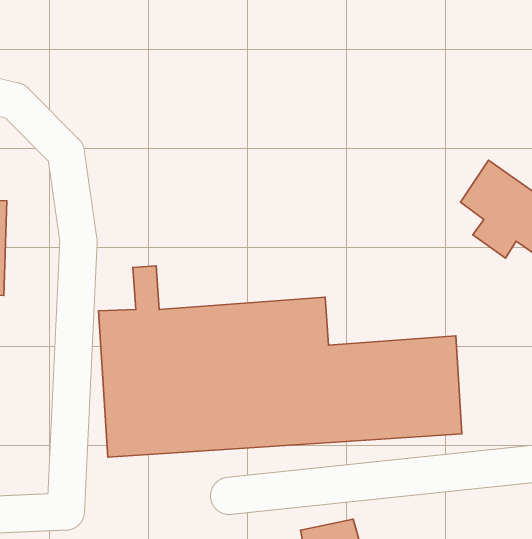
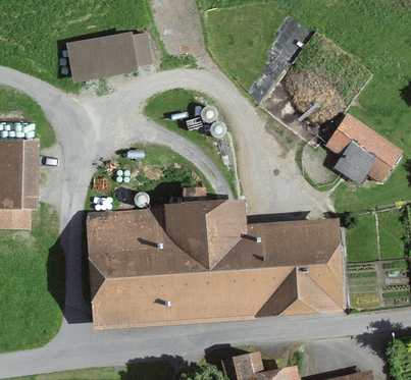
building: none -> [70,36,136,76]

